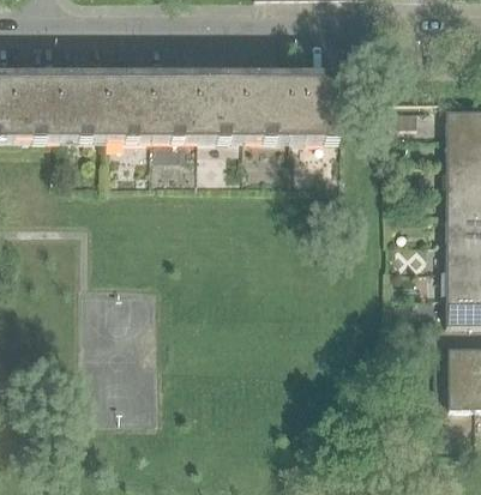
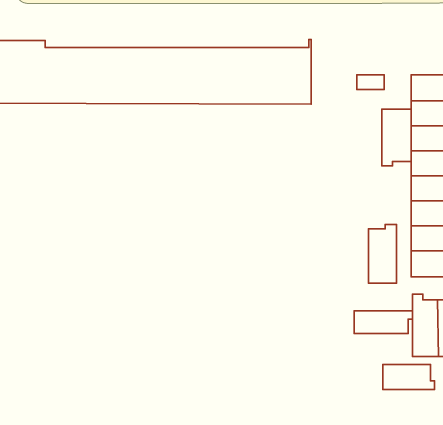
building: none -> [382,109,411,166]
building: none -> [368,224,396,283]
building: none -> [354,311,412,333]
building: none -> [383,365,434,390]

